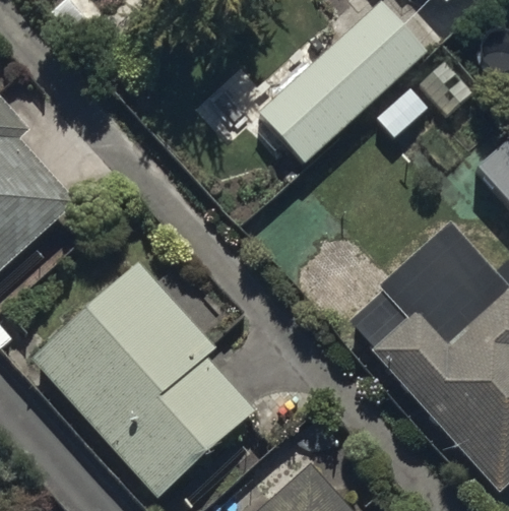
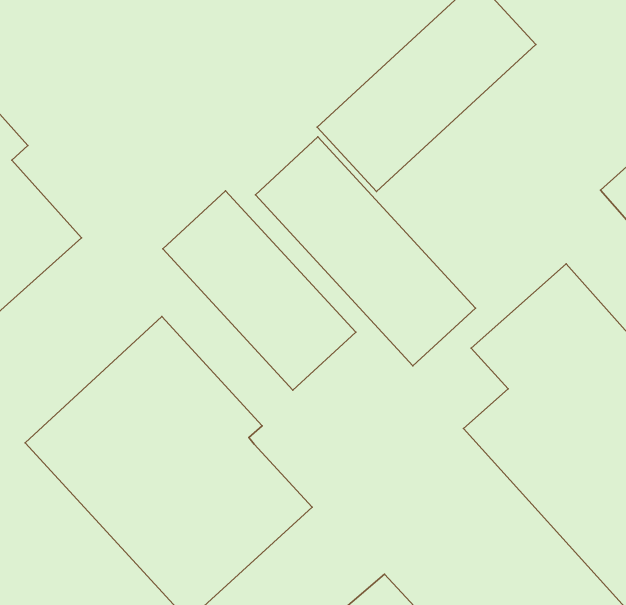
building: none -> [255,137,475,366]
building: none -> [163,191,356,390]

